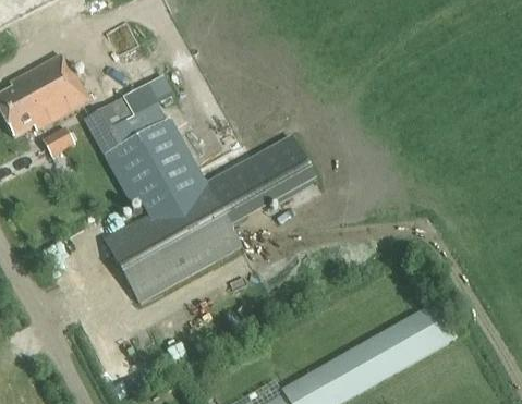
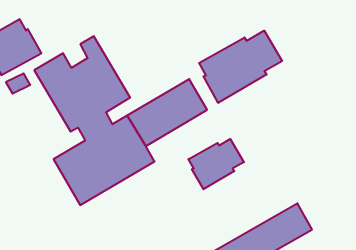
building: none -> [199,31,282,103]
building: none -> [188,139,244,189]

